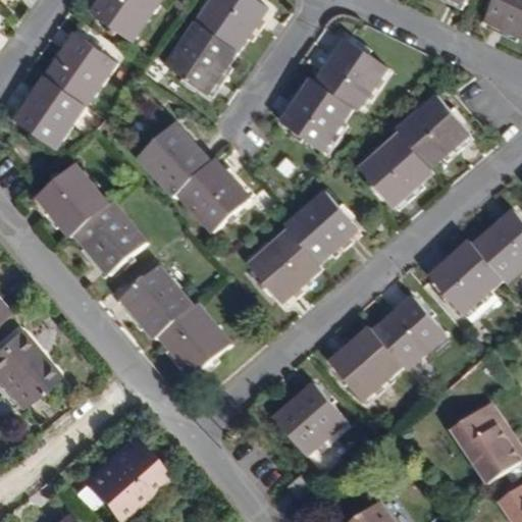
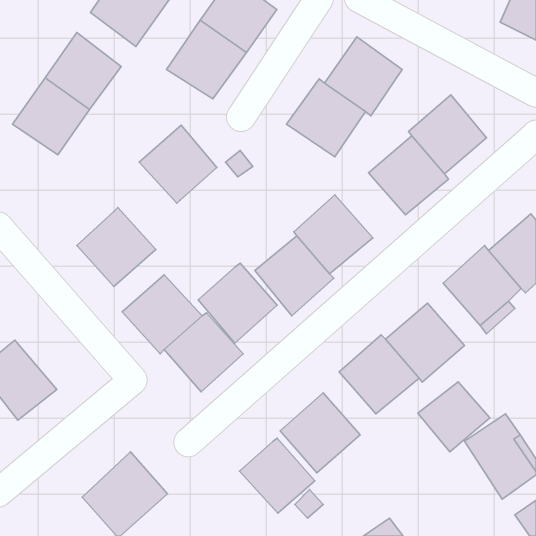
building: [174,158,251,236] -> [198,263,277,343]
building: [34,164,110,242] -> none
building: none -> [418,382,490,452]
building: none -> [239,438,315,513]

